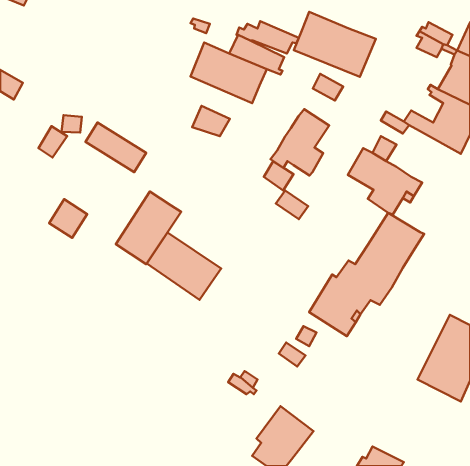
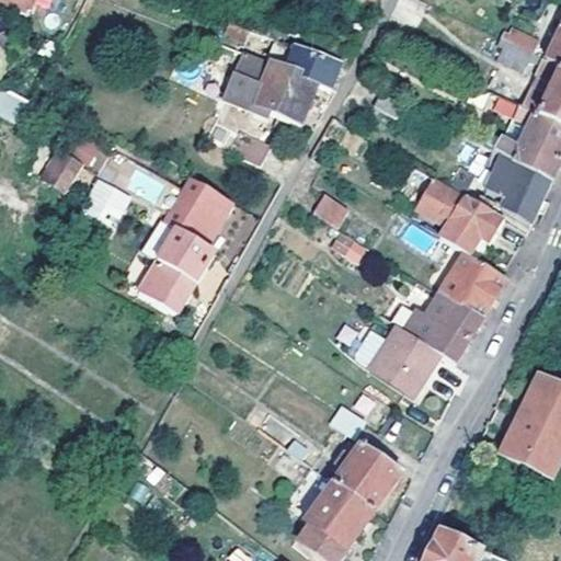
building: [294,12,376,77] -> none
building: [270,109,329,175] -> none
building: none -> [484,156,549,227]
building: none -> [167,176,232,244]
building: [49,199,87,238] -> [88,178,133,224]
building: [147,233,221,300] -> none
building: none -> [334,445,402,513]

